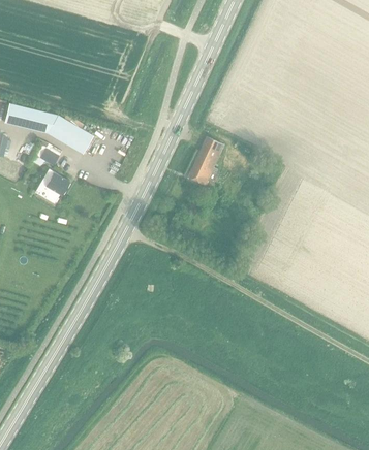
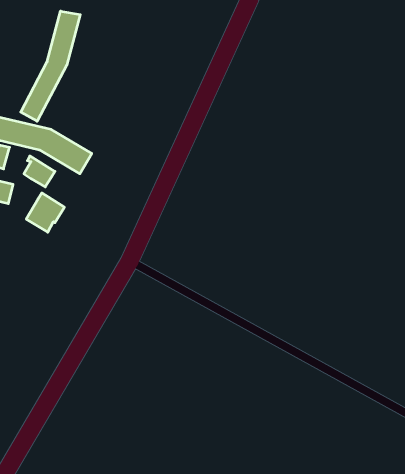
building: none -> [21,11,80,121]
building: [187,136,222,185] -> none

